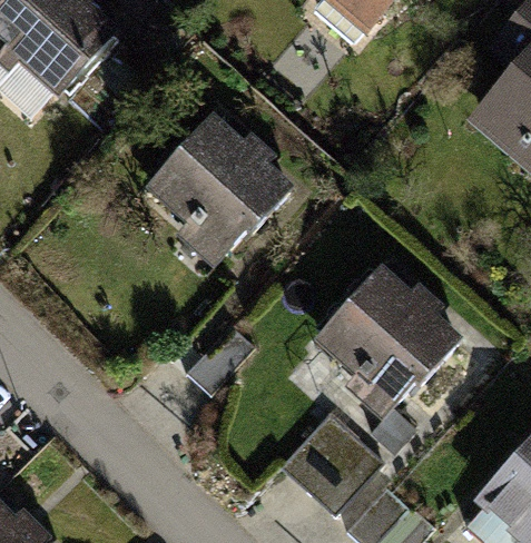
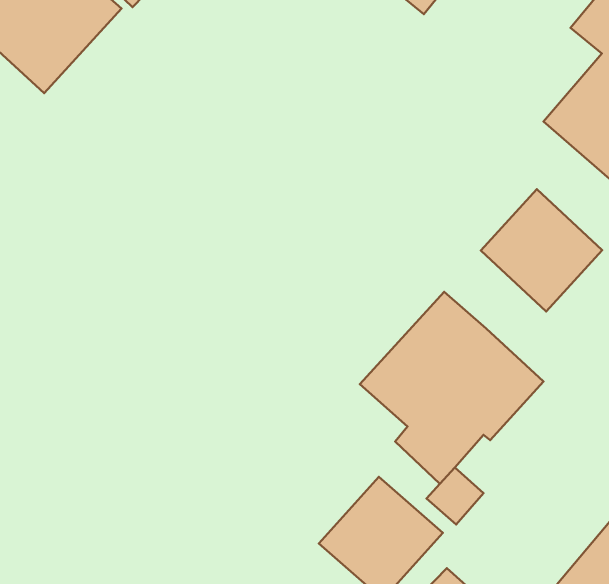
building: [139,116,288,265] -> none
building: none -> [481,189,602,312]

